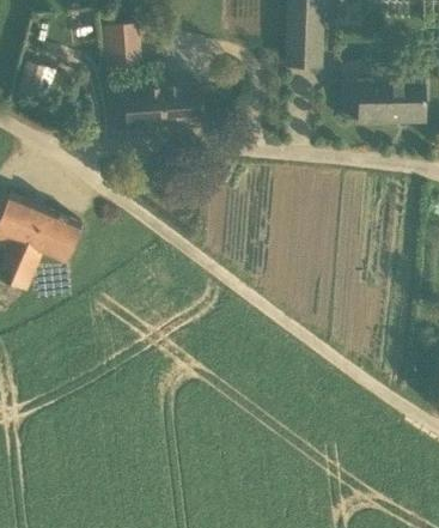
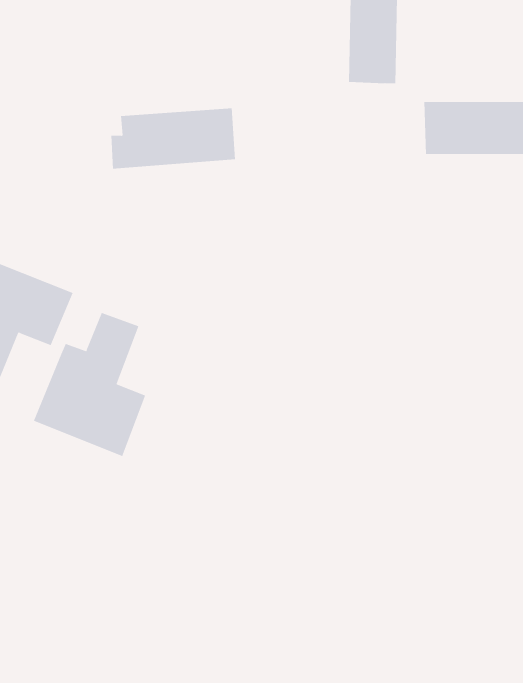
building: [103,24,141,68] -> none
building: none -> [33,312,146,457]

